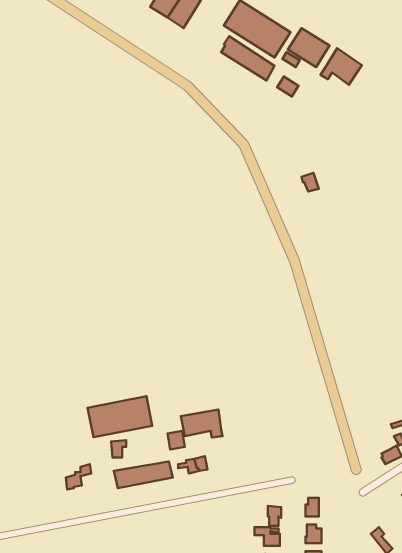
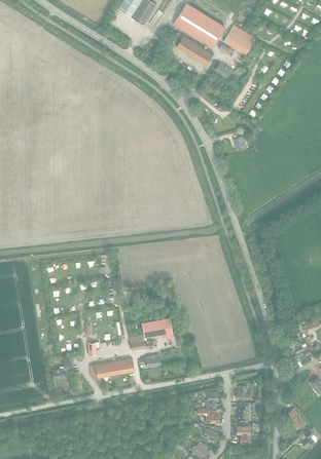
building: [321,48,362,85] -> none
building: [88,396,152,437] -> none

